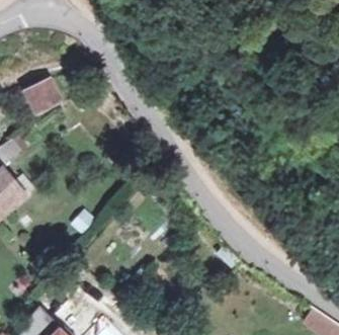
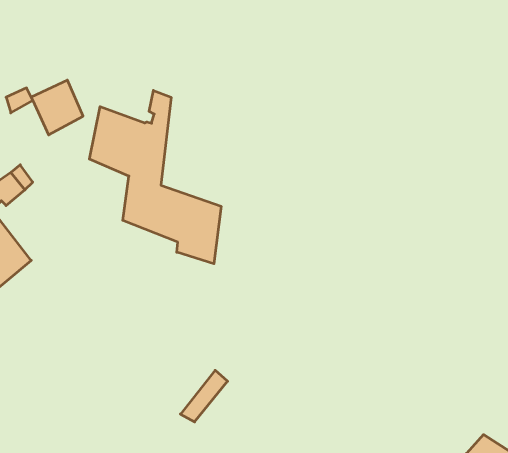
building: none -> [89,90,221,264]

